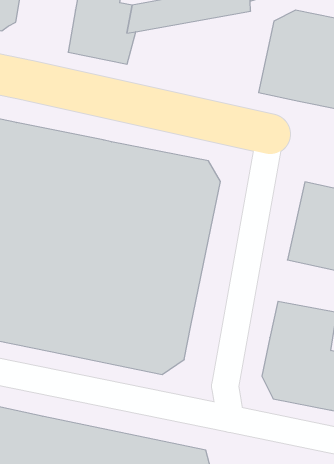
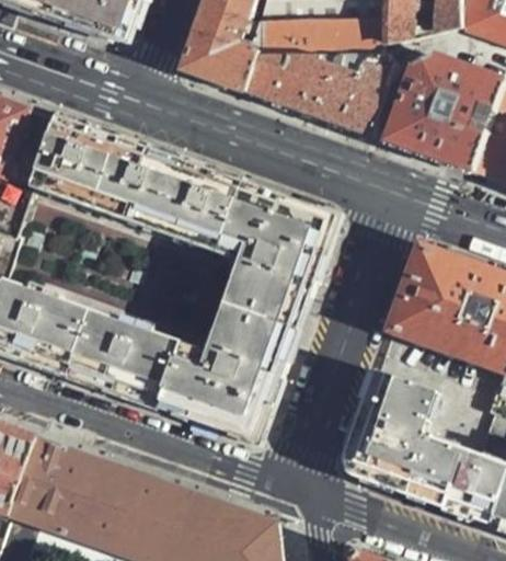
building: none -> [241,49,393,135]

